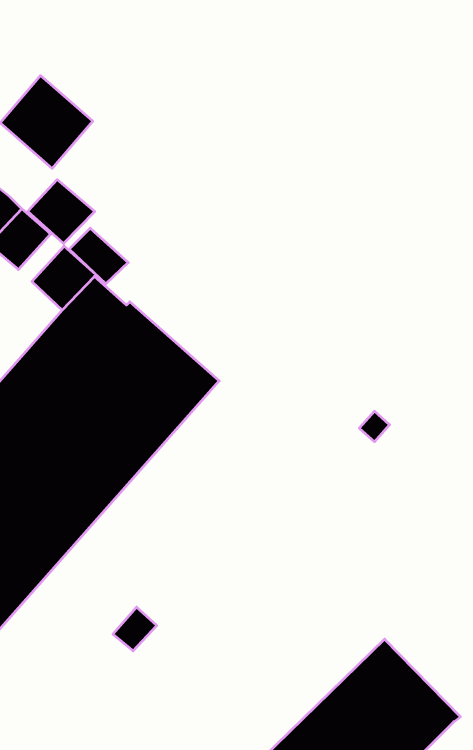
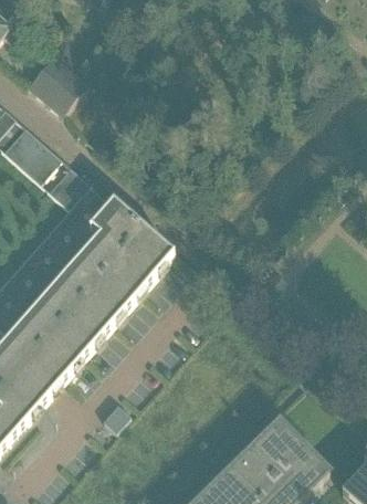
building: [28,180,95,244] -> none
building: [69,228,128,284] -> none

